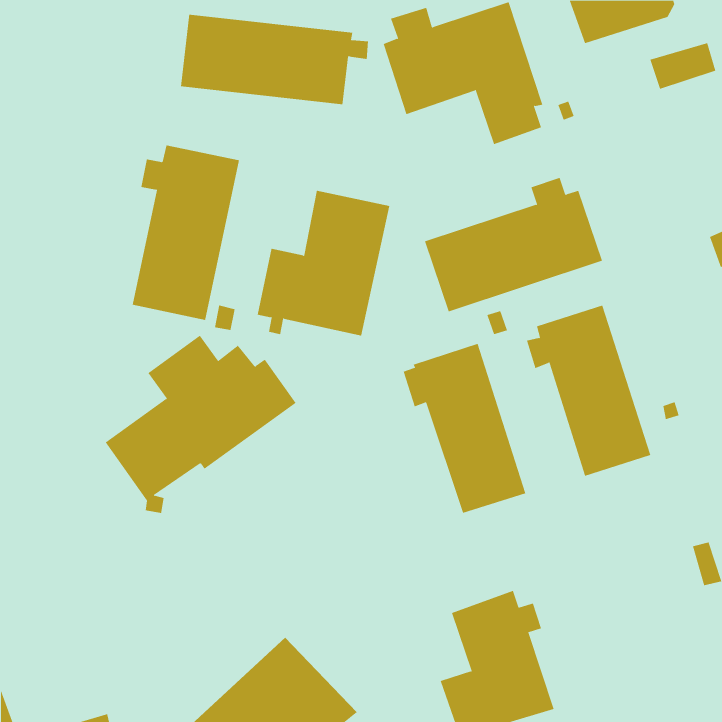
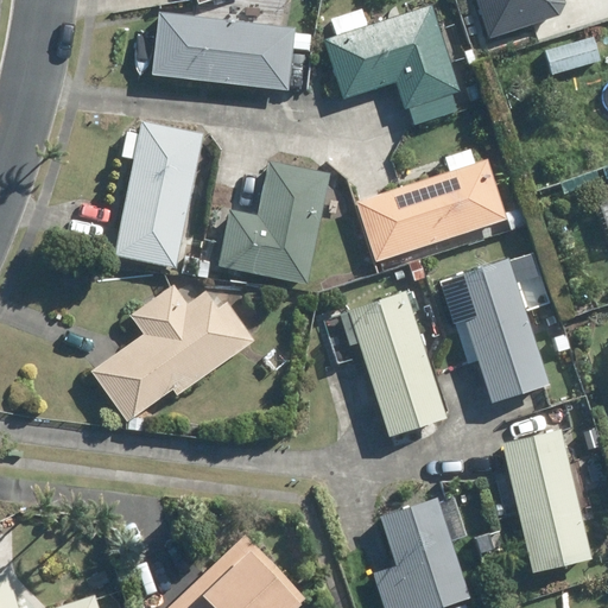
building: none -> [504,430,593,574]

